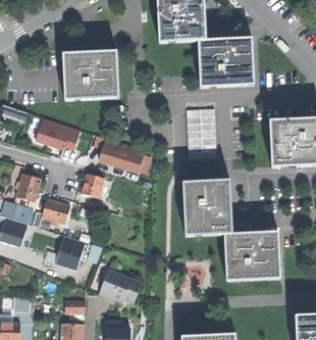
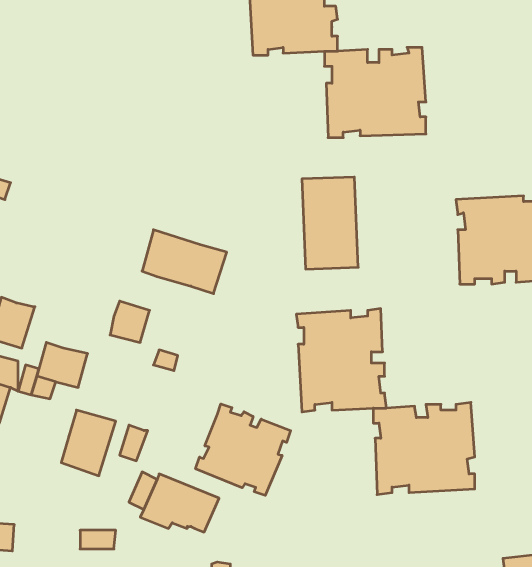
building: [63,51,118,100] -> none
building: [35,117,80,149] -> none
building: none -> [196,404,291,495]

